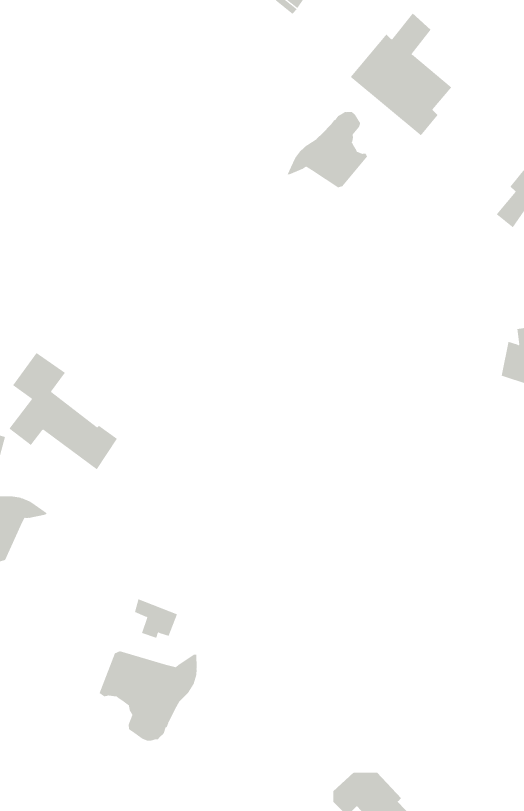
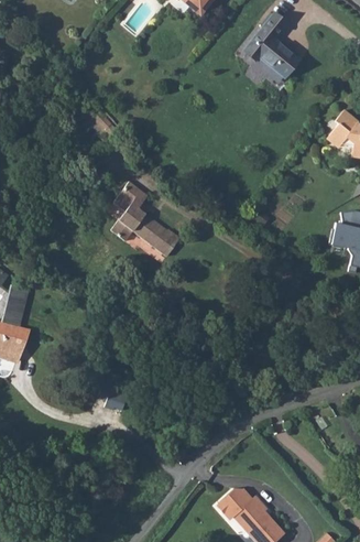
building: [287,111,368,188] -> none
building: [9,352,118,470] -> [111,183,181,258]
building: [99,650,197,741] -> none

